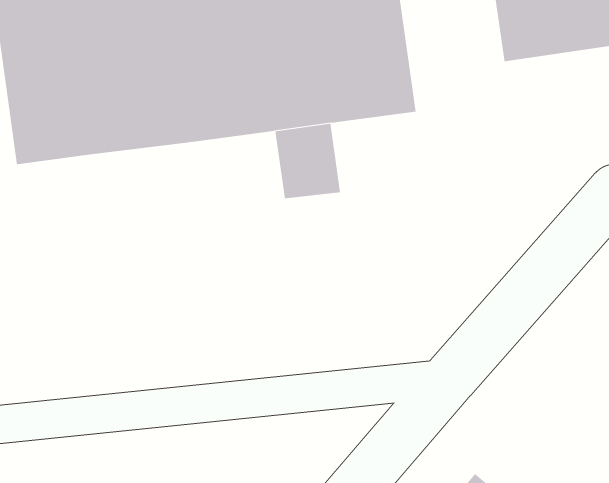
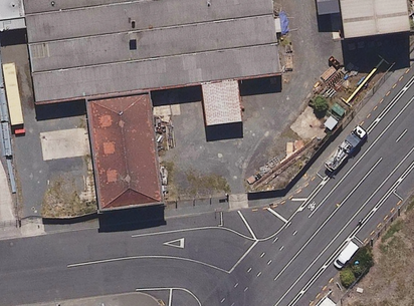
building: none -> [80,90,160,210]

